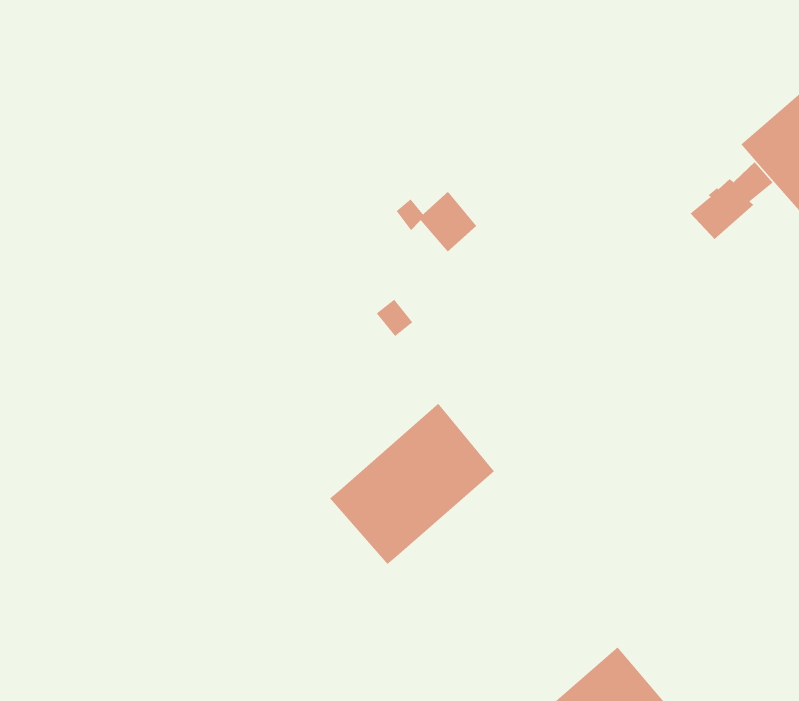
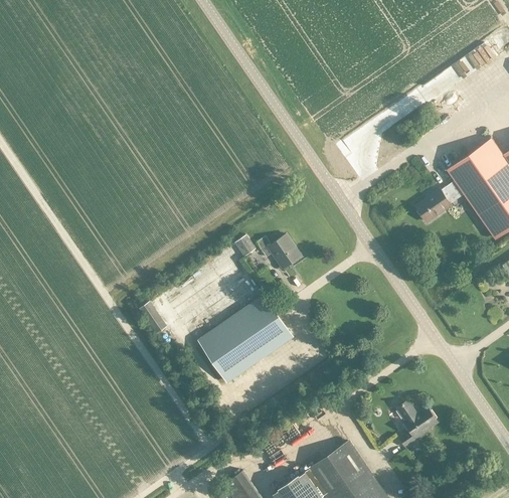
building: [396,191,477,253] -> [257,233,301,268]
building: none -> [397,400,438,447]

